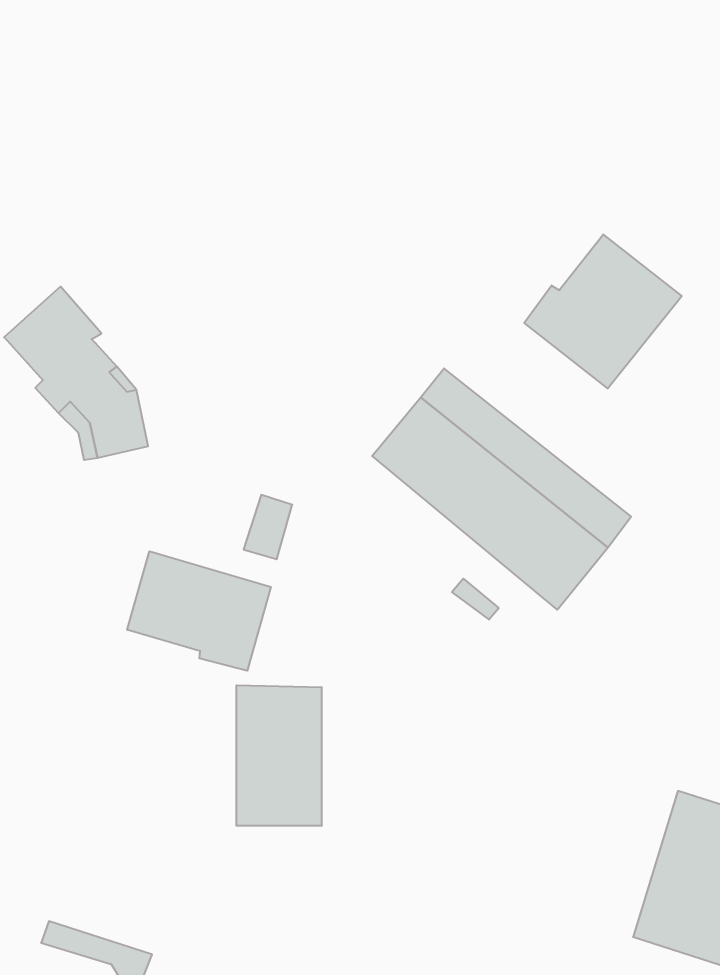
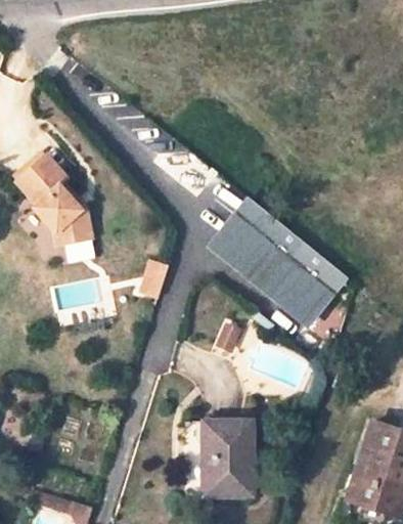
building: [524,234,682,388] -> none
building: [127,551,271,671] -> none
building: [236,685,322,826] -> [205,422,250,495]

